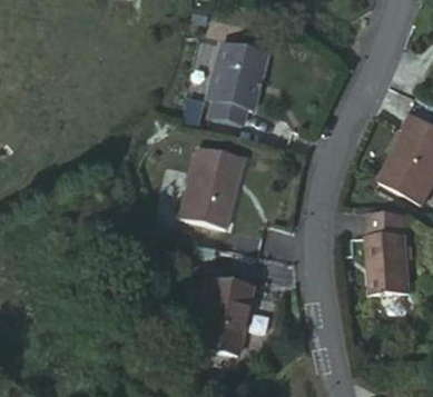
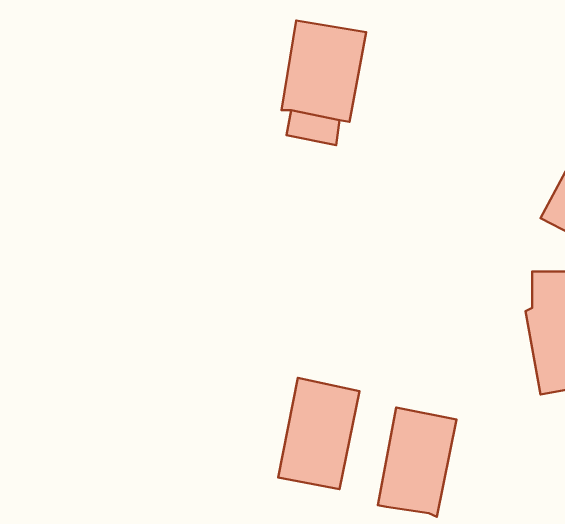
building: [184,153,244,231] -> none
building: none -> [378,408,456,517]

